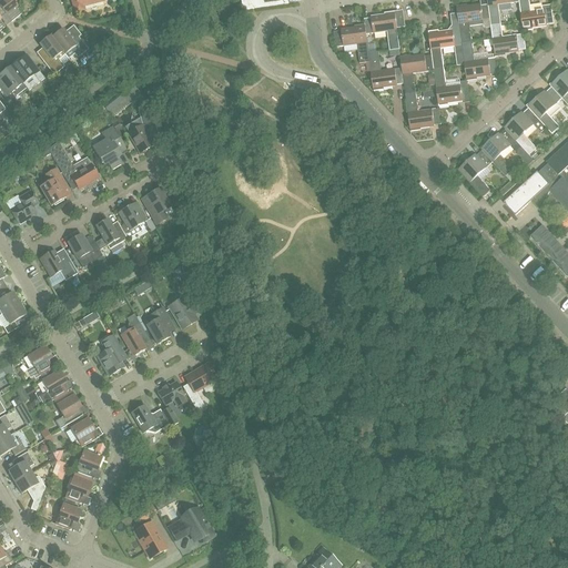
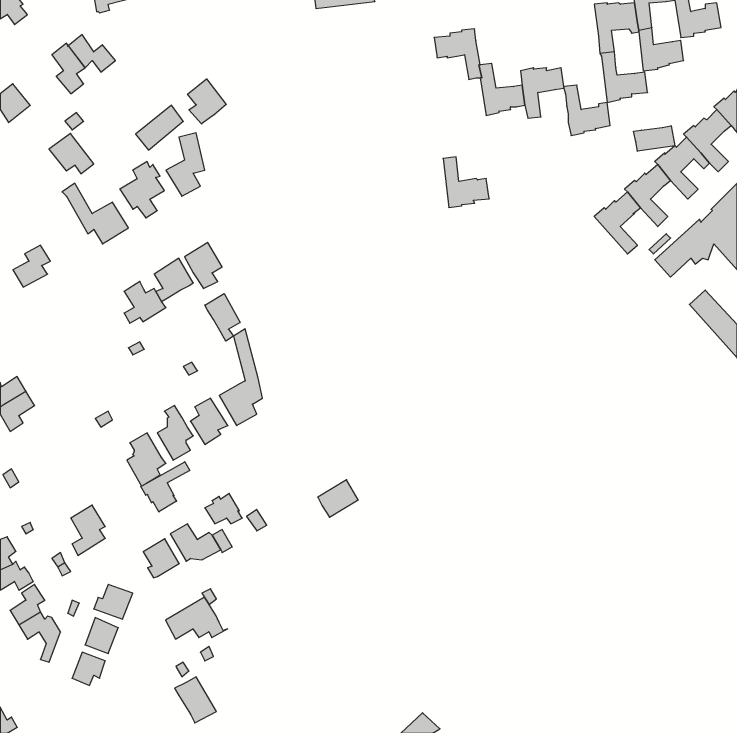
building: [364,8,406,48] -> none
building: [428,28,463,67] -> none
building: [10,52,44,83] -> [49,133,94,174]
building: none -> [188,79,226,124]
building: [406,90,442,129] -> [443,157,489,207]
building: none -> [634,126,675,151]
building: [40,166,71,204] -> none
building: none -> [205,294,240,341]
building: [68,232,103,265] -> none
building: [40,248,78,278] -> none
building: [26,341,57,376] -> none
building: none -> [141,462,190,512]
building: [185,362,216,390] -> [318,480,358,517]
building: [39,368,67,403] -> none
building: [71,416,99,446] -> [143,539,179,578]
building: [169,507,216,539] -> [166,597,228,639]

